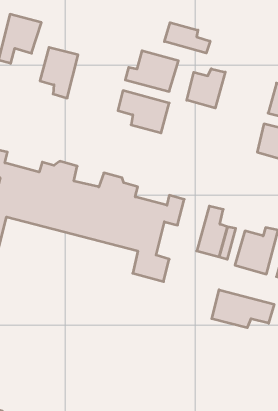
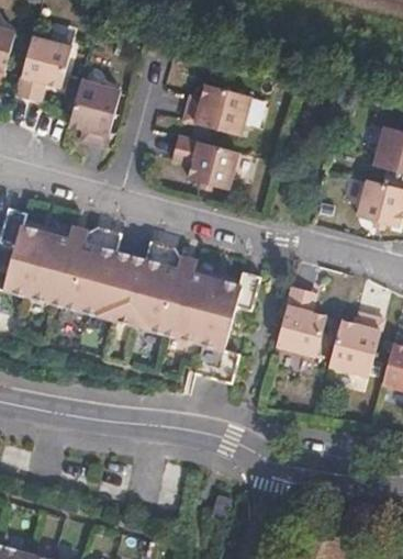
building: [164,23,210,53] -> none
building: [187,69,225,108] -> none
building: [212,290,274,328] -> none

